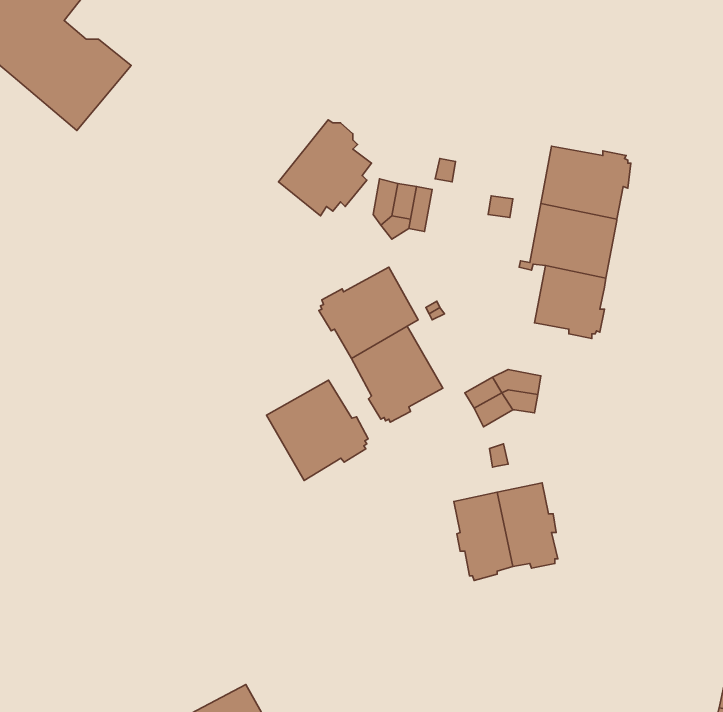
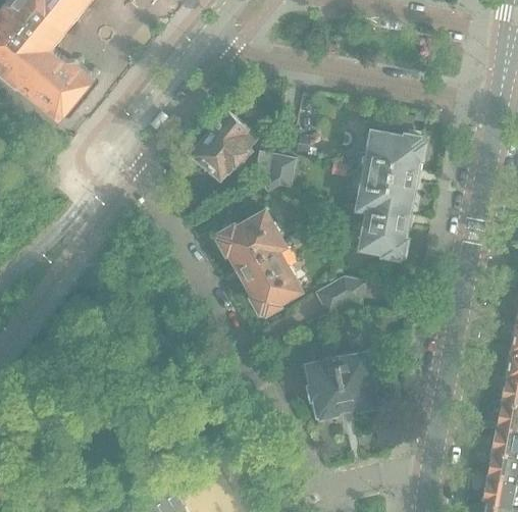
building: [267,380,368,480] -> none

